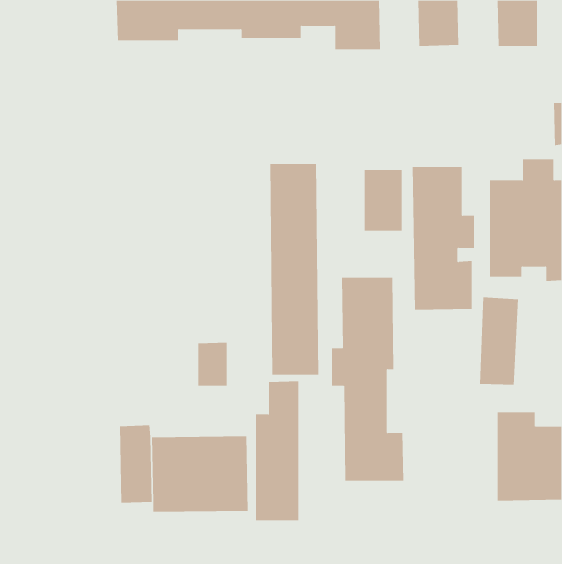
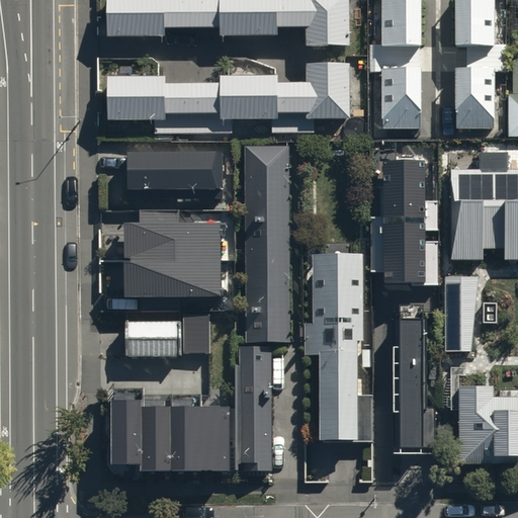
building: none -> [109,62,352,138]
building: none -> [455,70,495,126]
building: none -> [128,151,223,195]
building: [364,169,402,231] -> [382,69,418,125]
building: none -> [121,217,219,292]
building: none -> [121,314,179,354]
building: none -> [395,320,438,463]

